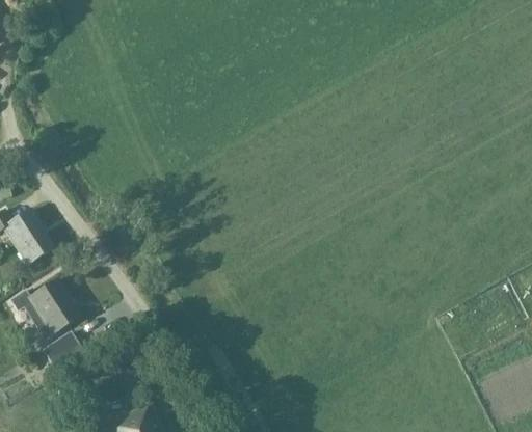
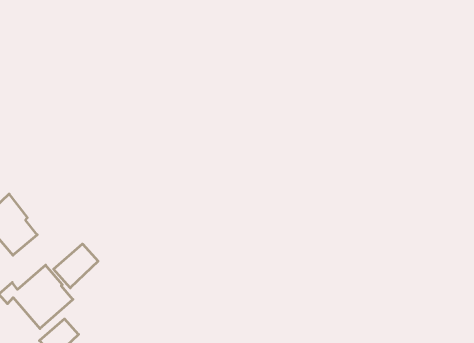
building: none -> [54,244,98,288]

